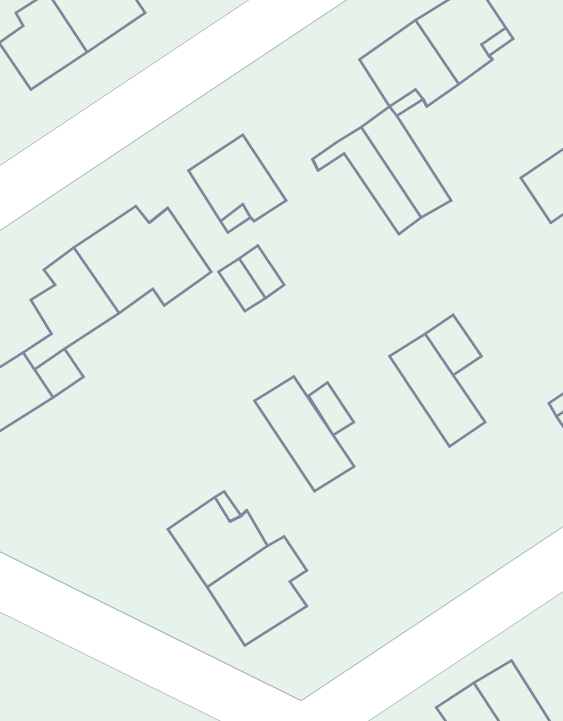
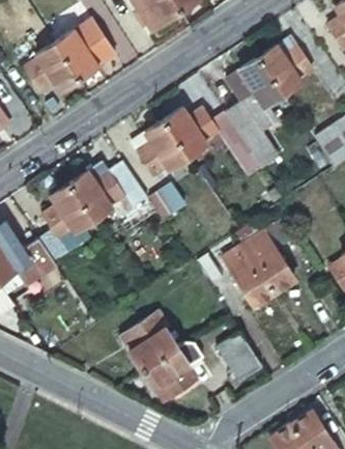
building: none -> [163,108,214,158]
building: [255,376,354,491] -> [222,244,277,307]
building: none -> [215,334,260,383]

